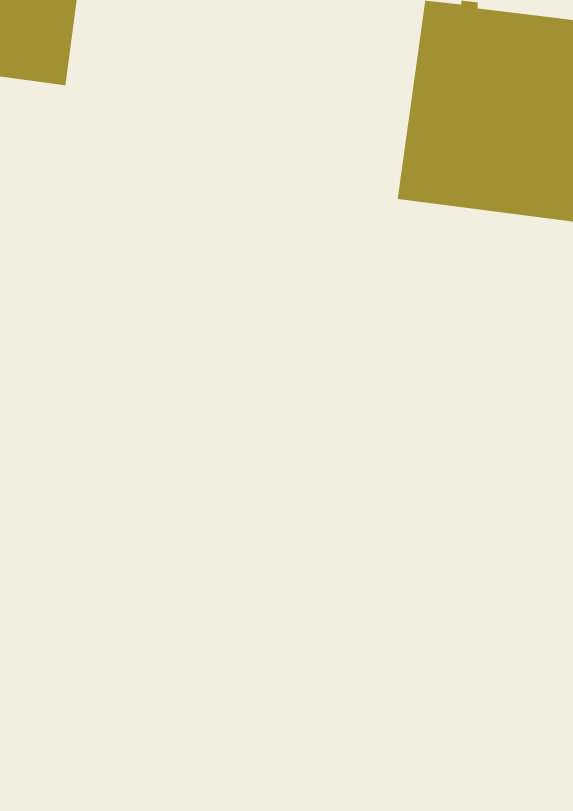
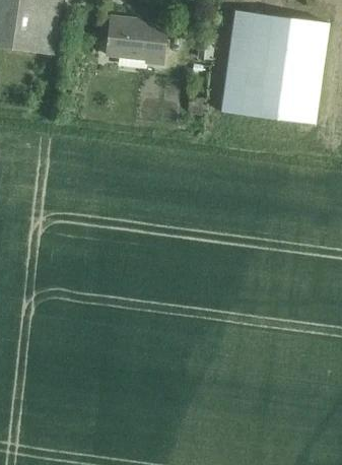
building: none -> [106,15,165,65]

